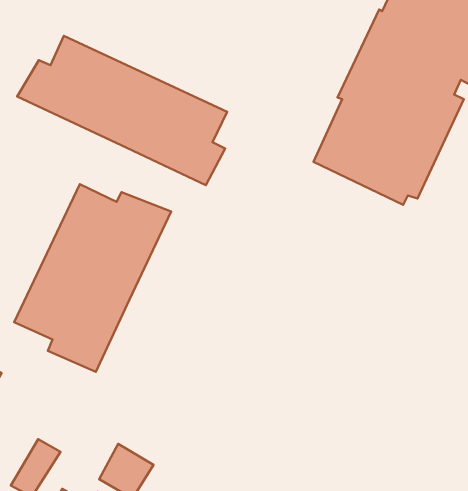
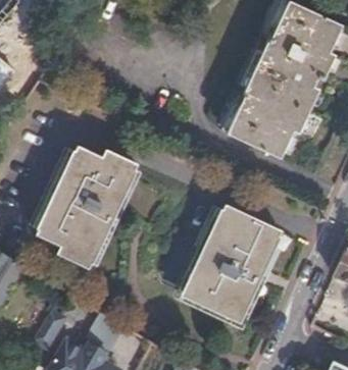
building: [17,36,227,185] -> none
building: none -> [182,204,280,319]

